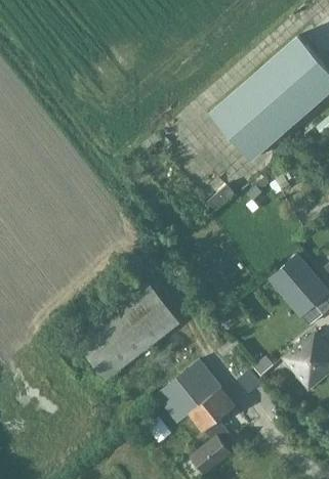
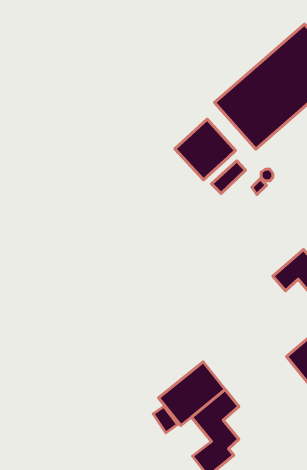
building: none -> [175,119,236,180]
building: [73,281,180,382] -> none

